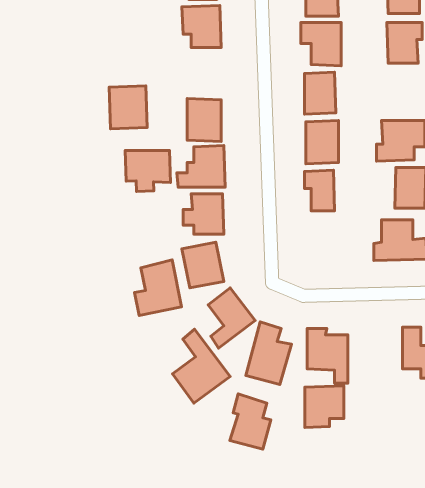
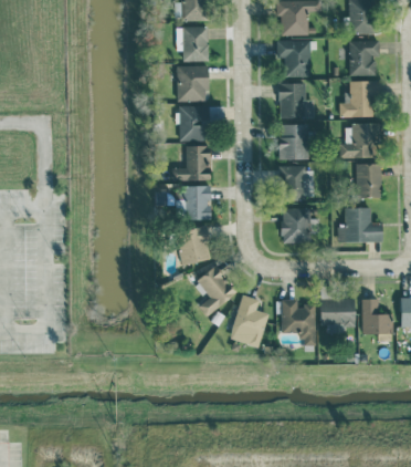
building: none -> [340,81,375,117]
building: [109,86,147,129] -> [176,65,208,102]
building: [125,150,171,192] -> none
building: none -> [282,208,309,243]
building: [135,260,181,315] -> none
building: [173,329,230,403] -> none
building: [305,386,344,428] -> [322,299,355,334]
building: [230,394,271,449] -> none

